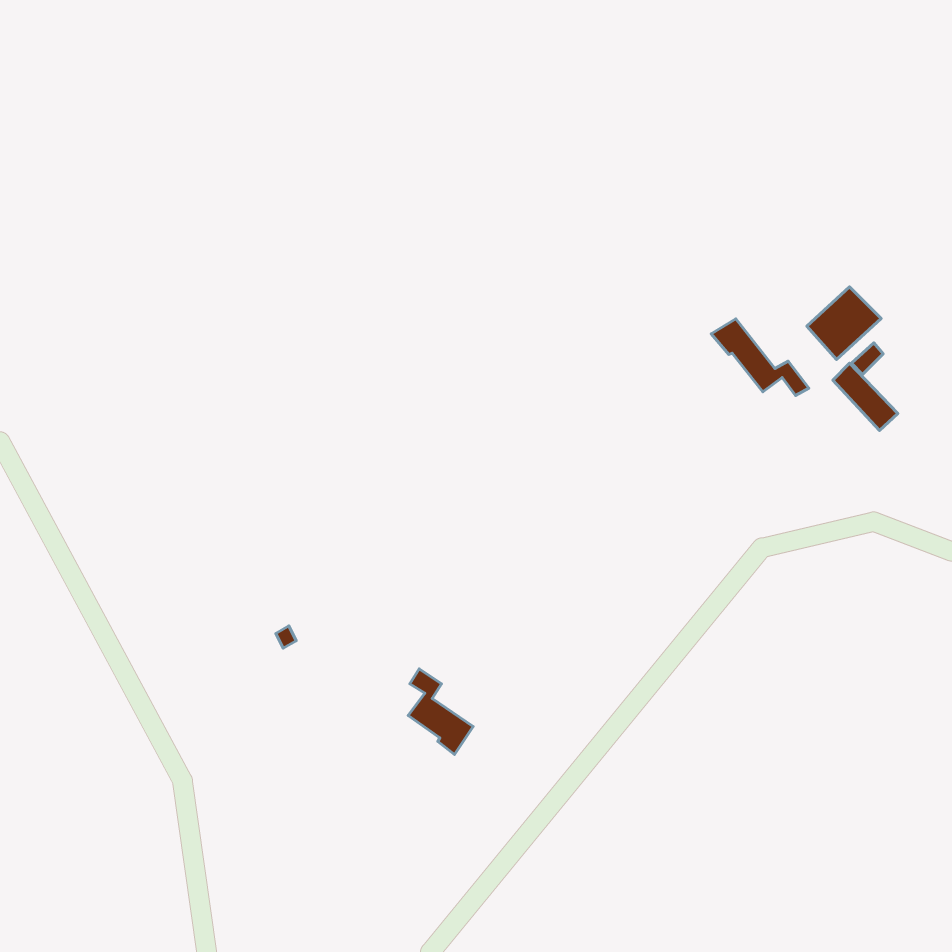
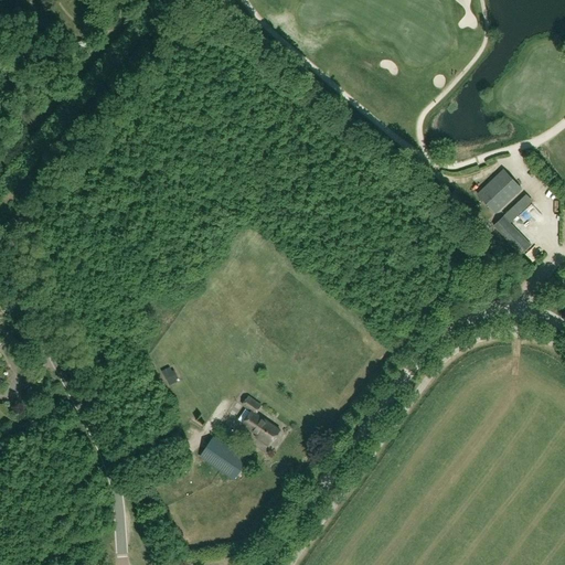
building: [711,319,809,396] -> none
building: none -> [200,433,247,479]

